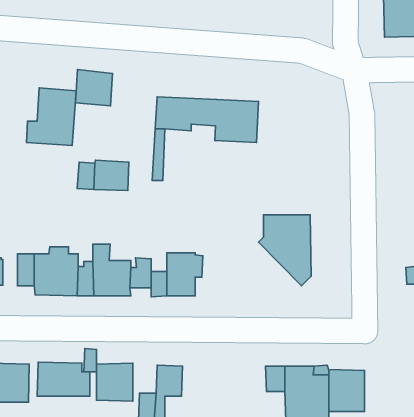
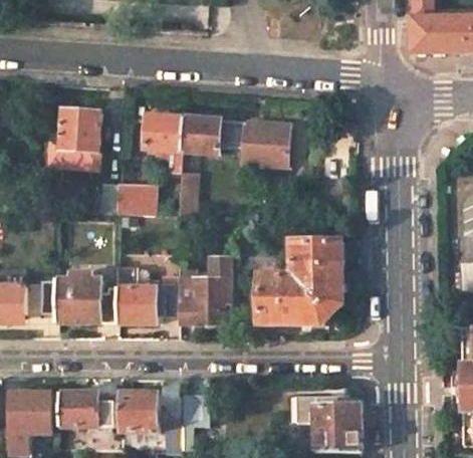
building: [75,70,113,106] -> [145,113,183,151]
building: none -> [257,267,331,323]
building: [329,370,364,411] -> none

